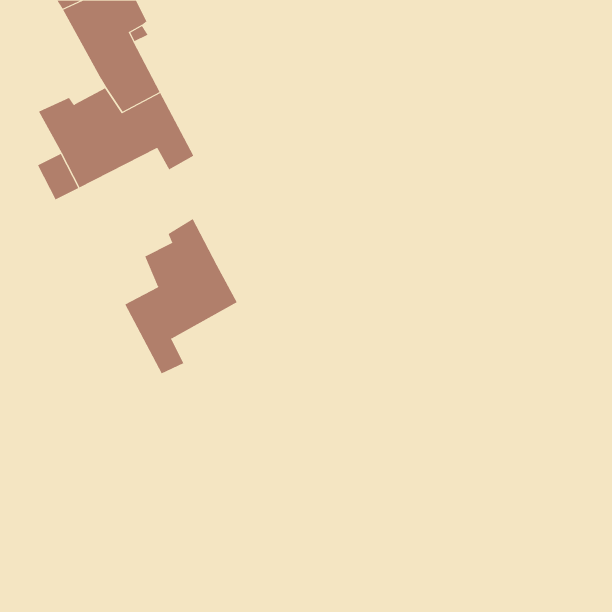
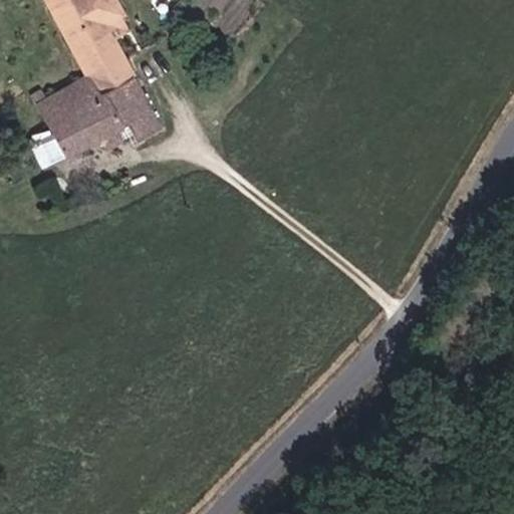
building: [125,218,237,374] -> none

